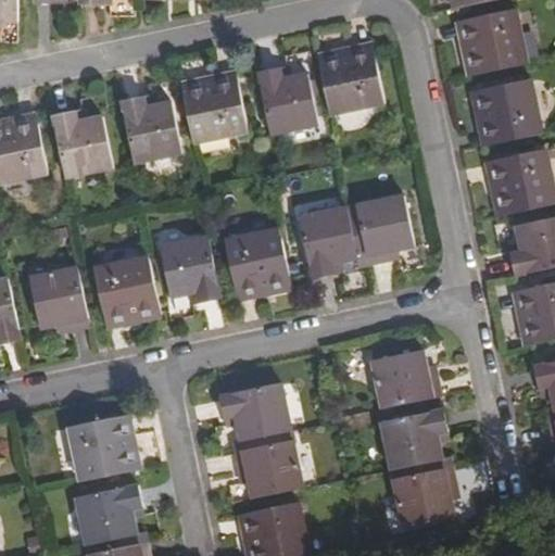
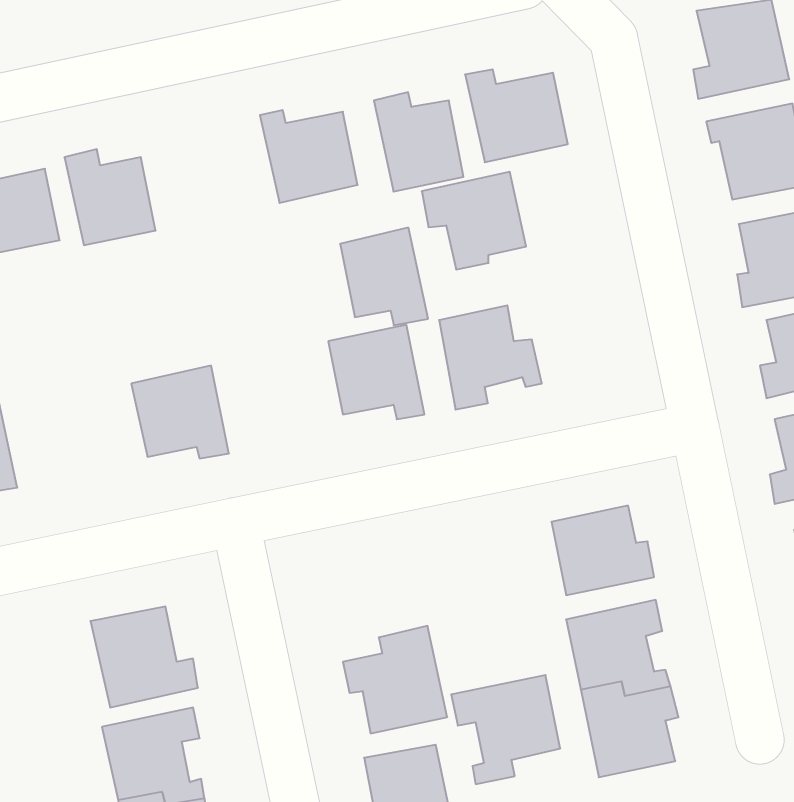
building: [119,101,179,165] -> none
building: [344,200,414,265] -> [422,172,526,269]
building: [160,235,218,300] -> [340,228,428,325]
building: [29,263,88,326] -> none
building: [218,378,291,451] -> [451,675,560,784]

